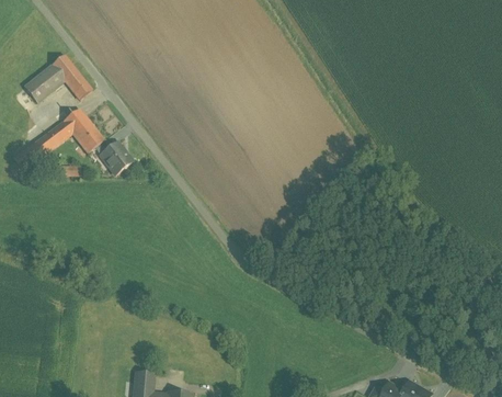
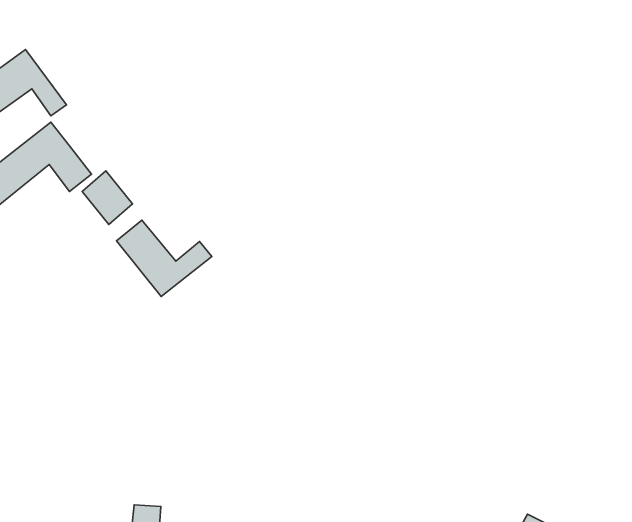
building: none -> [116,220,212,296]

